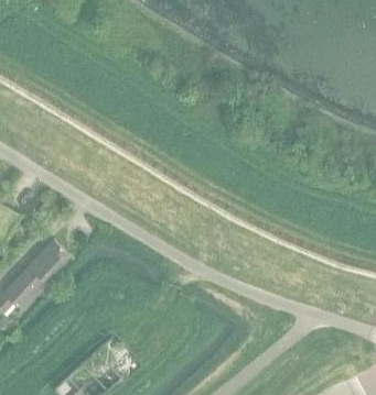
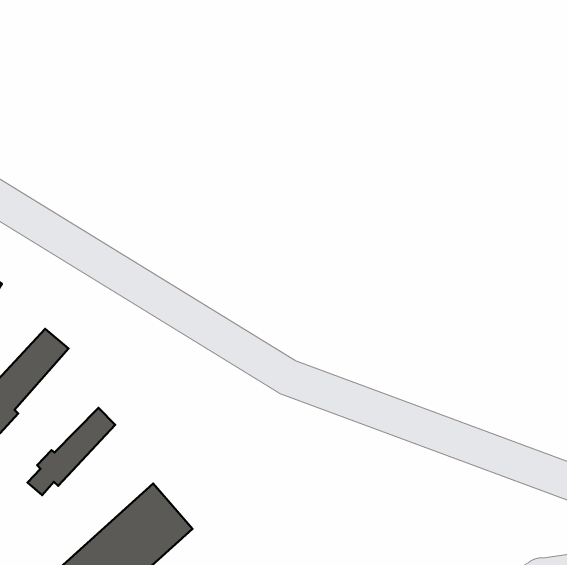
building: none -> [27,408,115,495]

